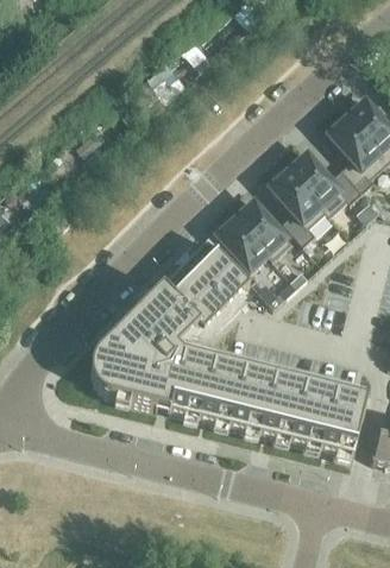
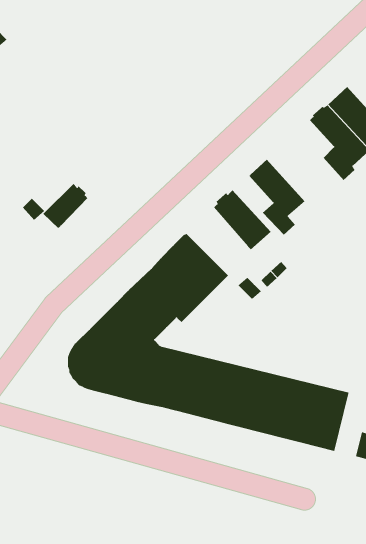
building: [288,150,363,213] -> none
building: none -> [43,183,88,229]
building: [216,215,269,270] -> none

